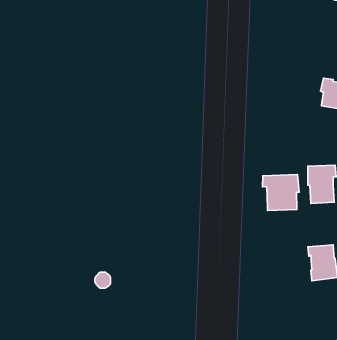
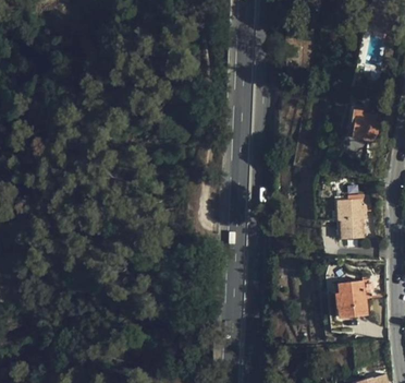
building: [263,174,299,210] -> none

